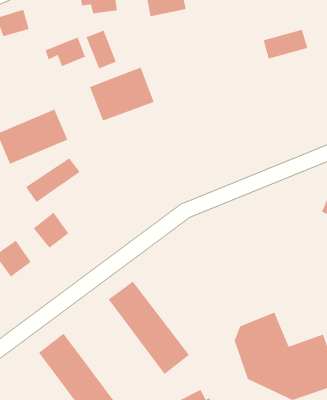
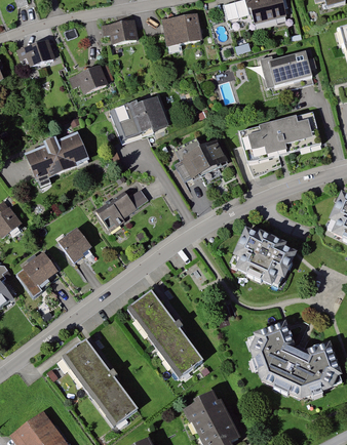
building: [86,30,117,69] -> none
building: none -> [248,114,313,154]
building: none -> [174,135,230,184]
building: [25,157,80,203] -> [99,187,150,229]
building: none -> [226,227,292,286]

